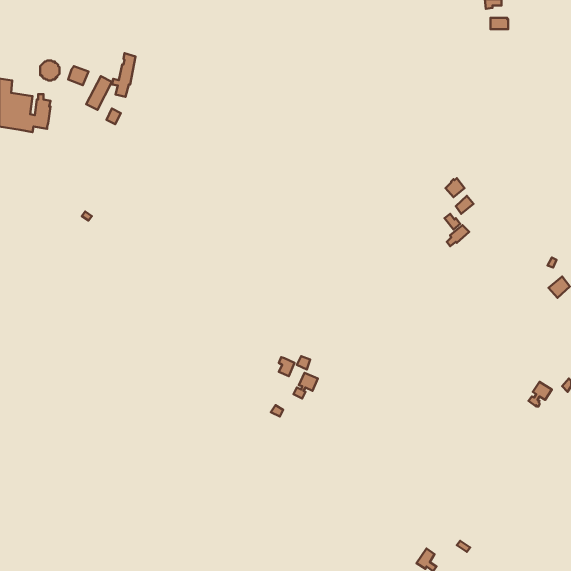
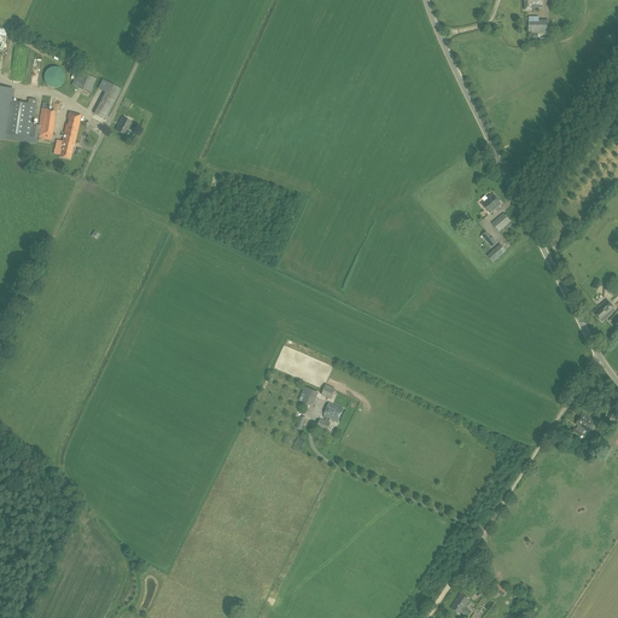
building: [112,53,136,97] -> [54,111,80,158]

